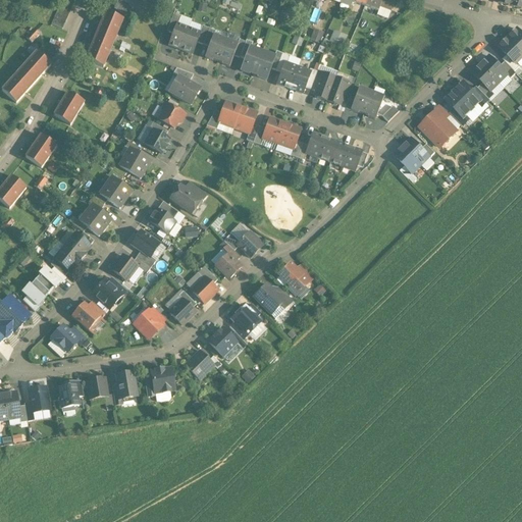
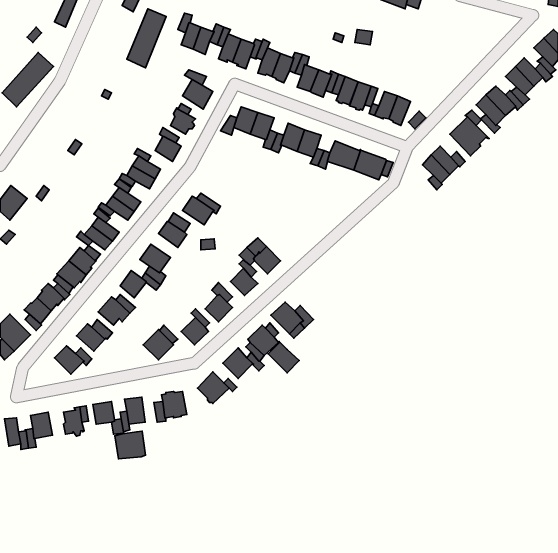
building: [86,9,122,64] -> [127,9,166,68]
building: [54,90,84,122] -> none
building: [25,133,56,165] -> none
building: [279,263,309,292] -> none
building: none -> [268,341,299,373]
building: none -> [115,431,145,459]

